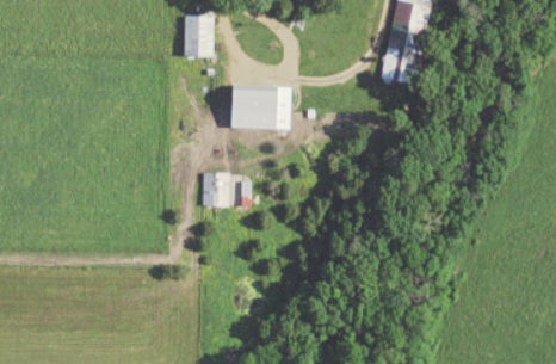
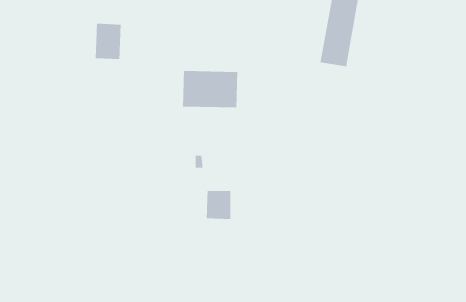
building: [184,14,214,56] -> [95,23,121,60]
building: [204,173,233,206] -> [206,190,231,220]

